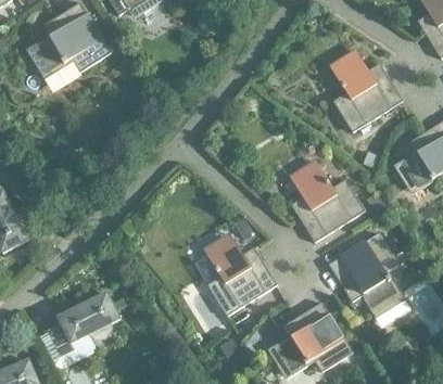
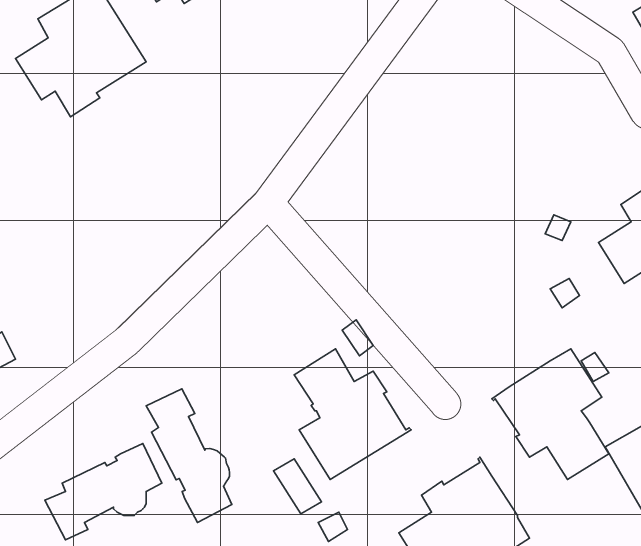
building: [329,49,403,131] -> none
building: [289,159,365,241] -> none
building: none -> [146,389,232,523]

